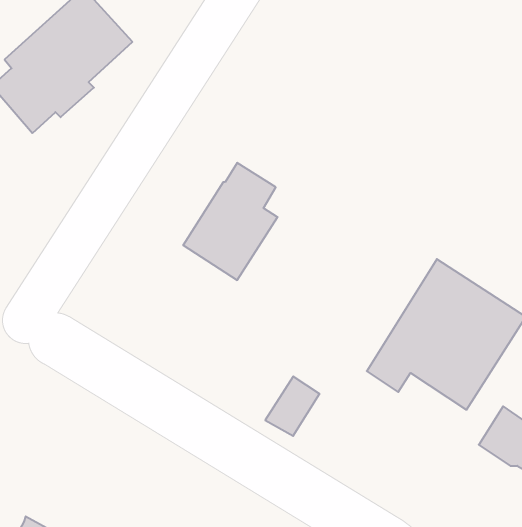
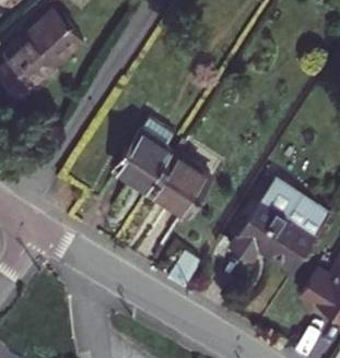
building: none -> [150,152,213,215]

